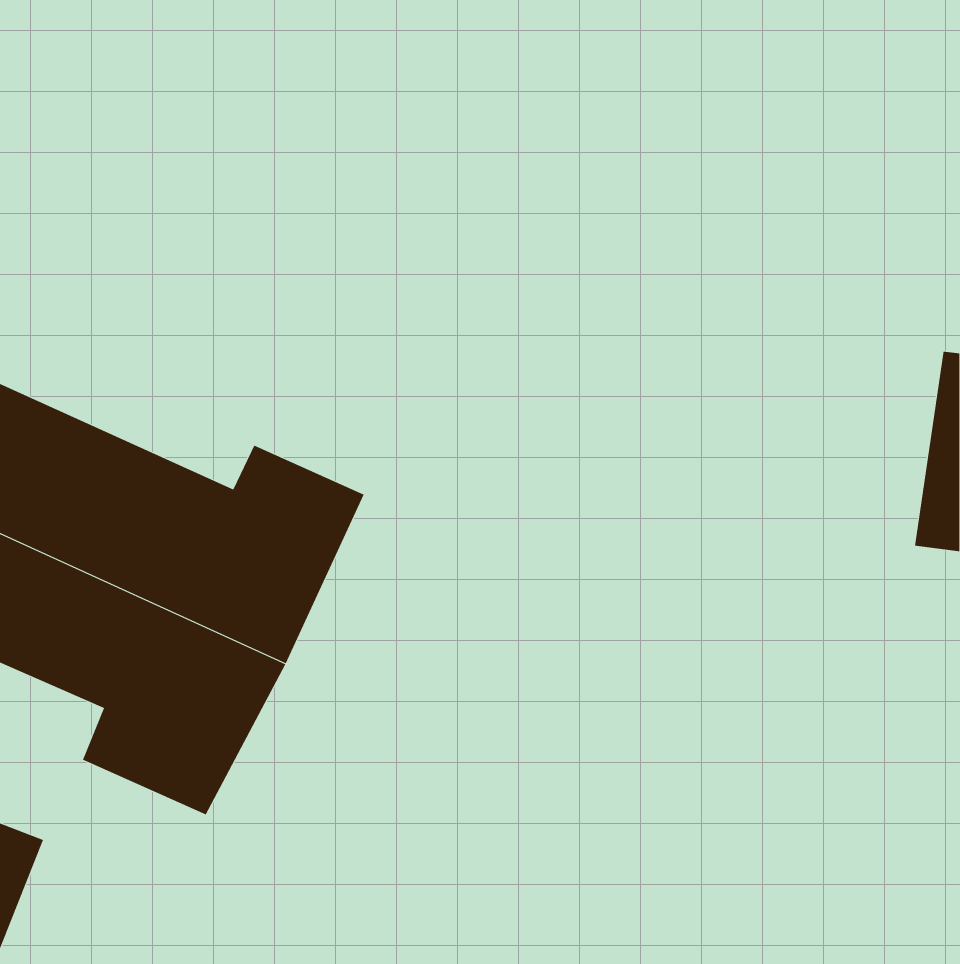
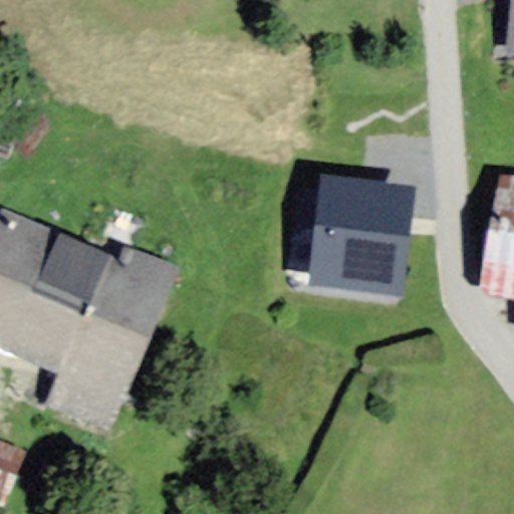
building: none -> [306,187,399,295]

